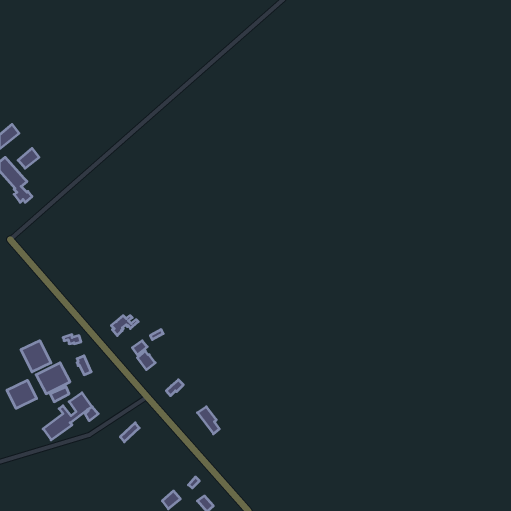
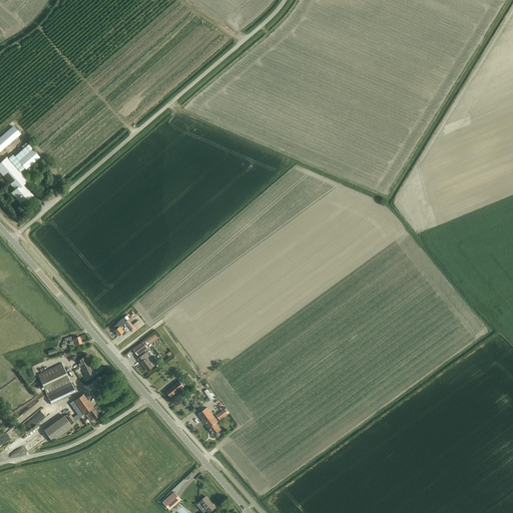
building: [21,341,51,372] -> none
building: [7,380,37,408] -> none

